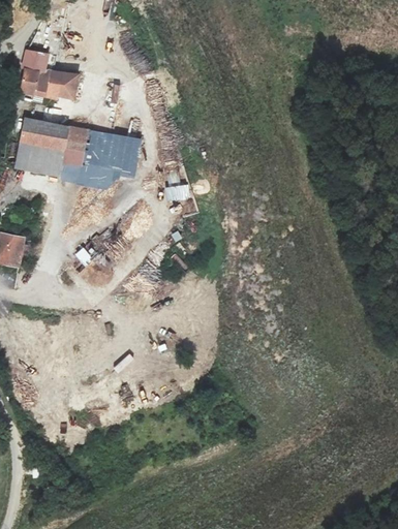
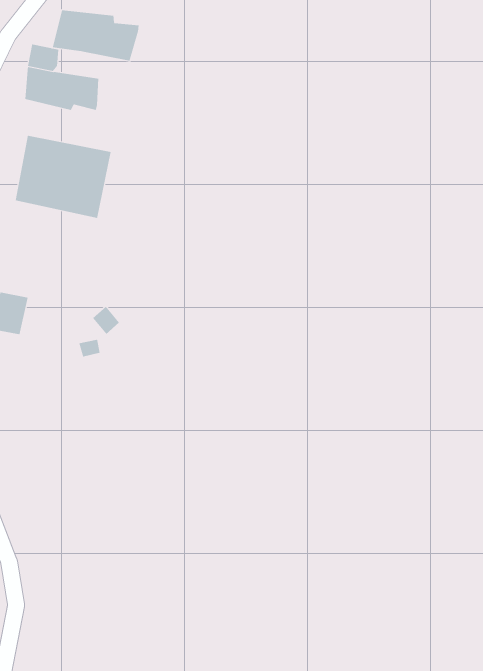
building: none -> [52,10,139,61]
building: [76,130,140,187] -> none

